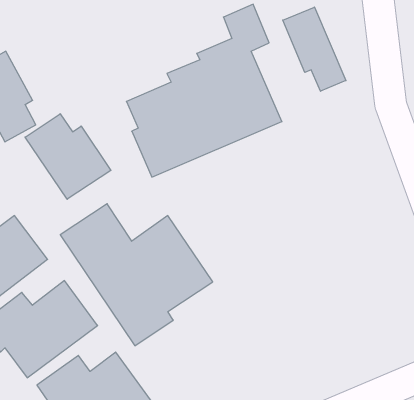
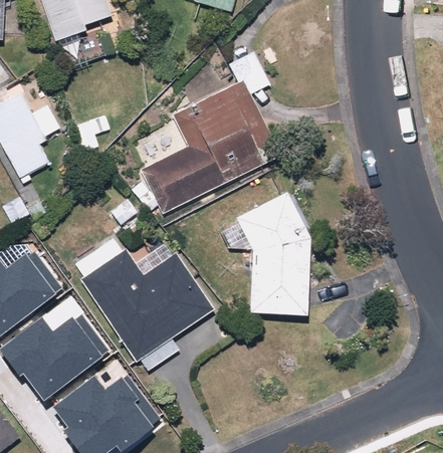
building: [283,7,346,91] -> none
building: [25,114,111,199] -> none
building: none -> [219,194,313,312]

